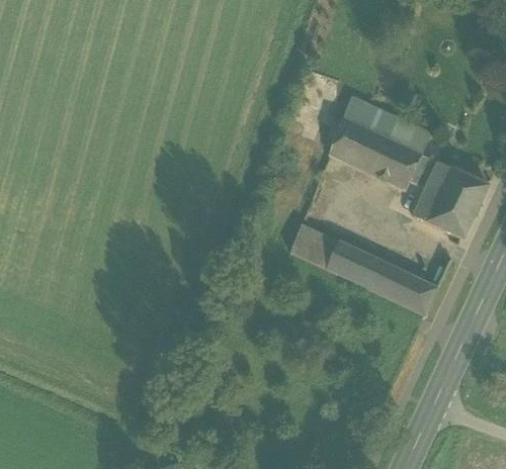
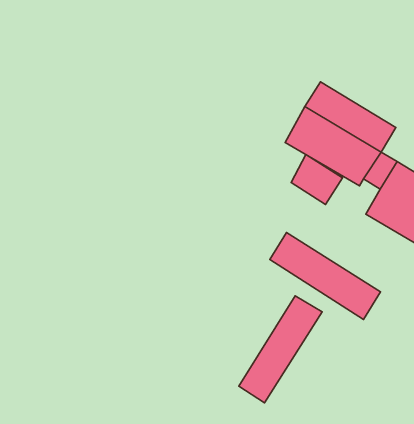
building: [290,222,339,268] -> [291,155,342,204]
building: none -> [239,296,322,403]

